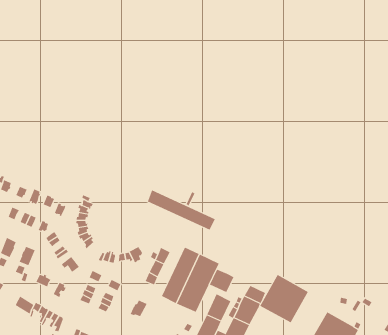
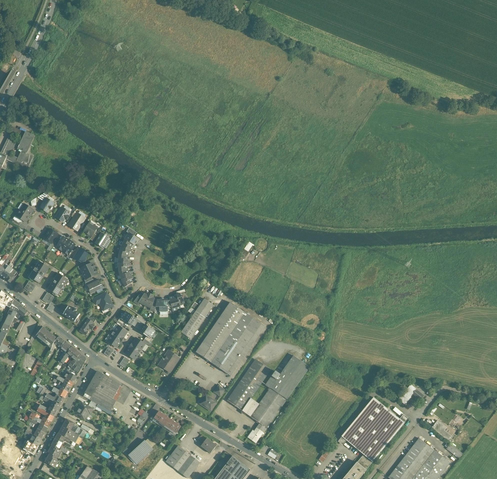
building: [147,189,215,230] -> none
building: [209,269,234,293] -> none
building: [260,274,309,323] -> none

